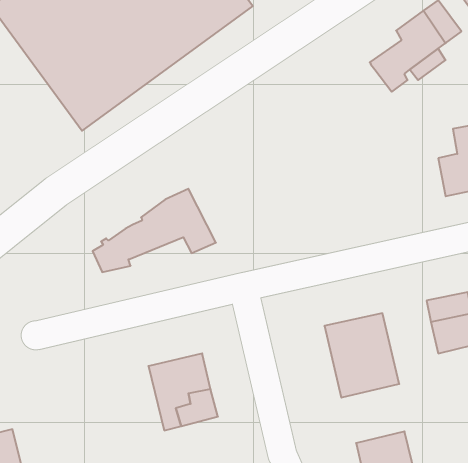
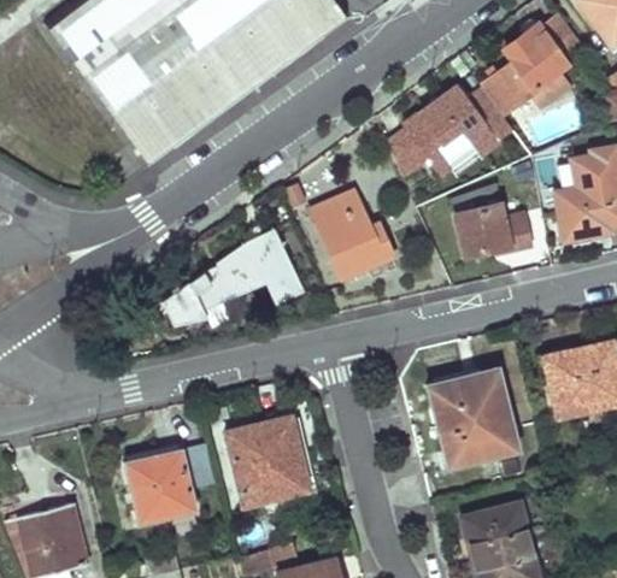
building: none -> [389,84,505,175]
building: none -> [313,191,393,277]
building: none -> [458,202,530,255]
building: none -> [128,452,196,523]

